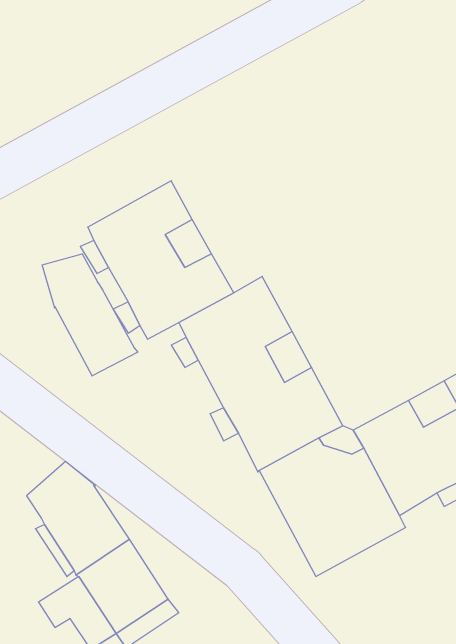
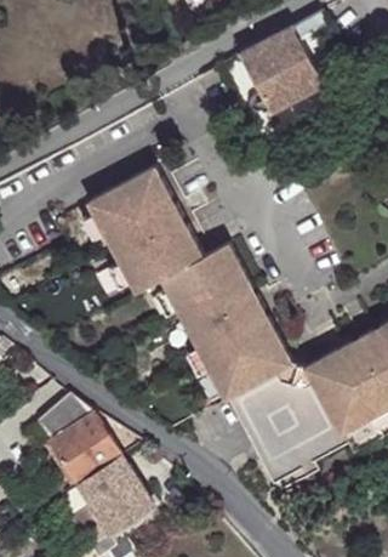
building: none -> [240,24,325,112]
building: [42,254,138,376] -> none

